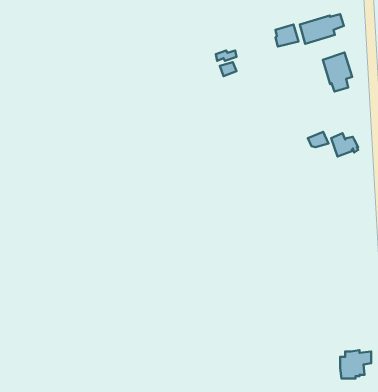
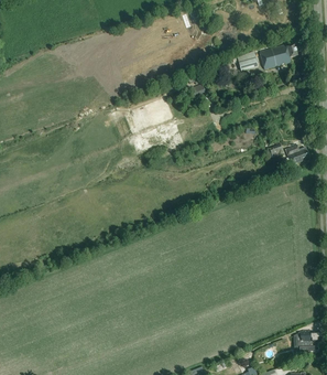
building: [323,53,352,91] -> none

